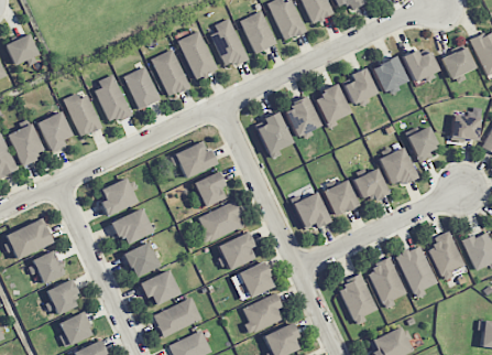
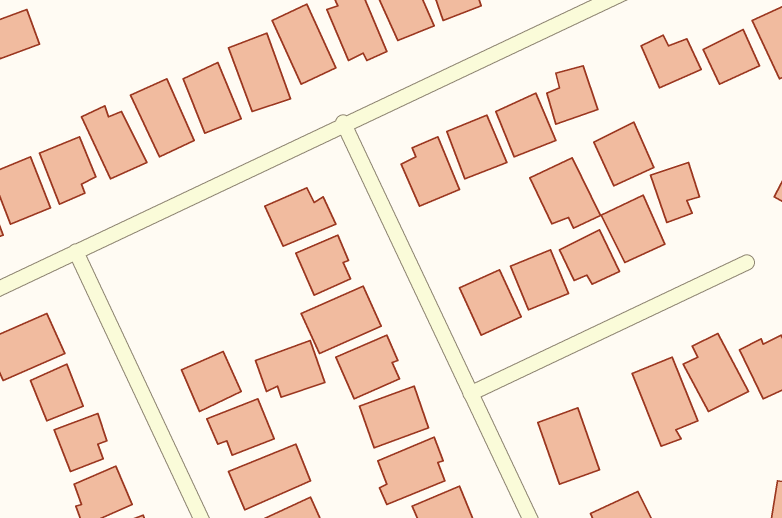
building: [372,55,408,94] -> [594,122,654,186]
building: [451,114,482,143] -> none
building: none -> [530,158,601,228]
building: [101,179,136,215] -> none
building: [111,208,153,243] -> [256,341,325,397]
building: [368,259,407,309] -> none

